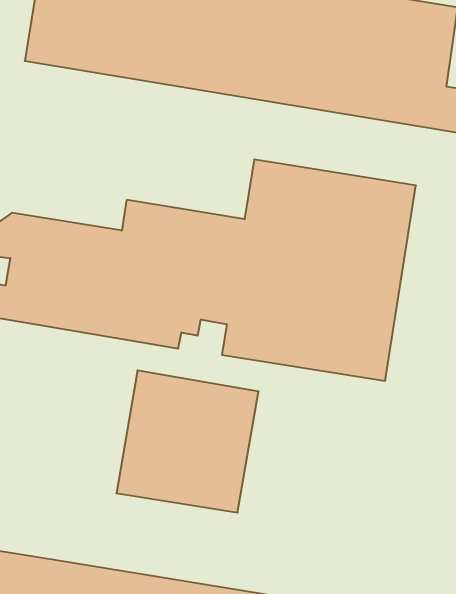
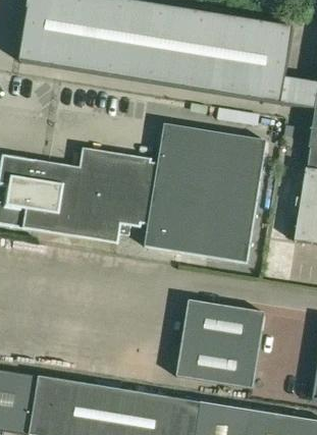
building: [116,370,259,513] -> [175,298,265,388]

